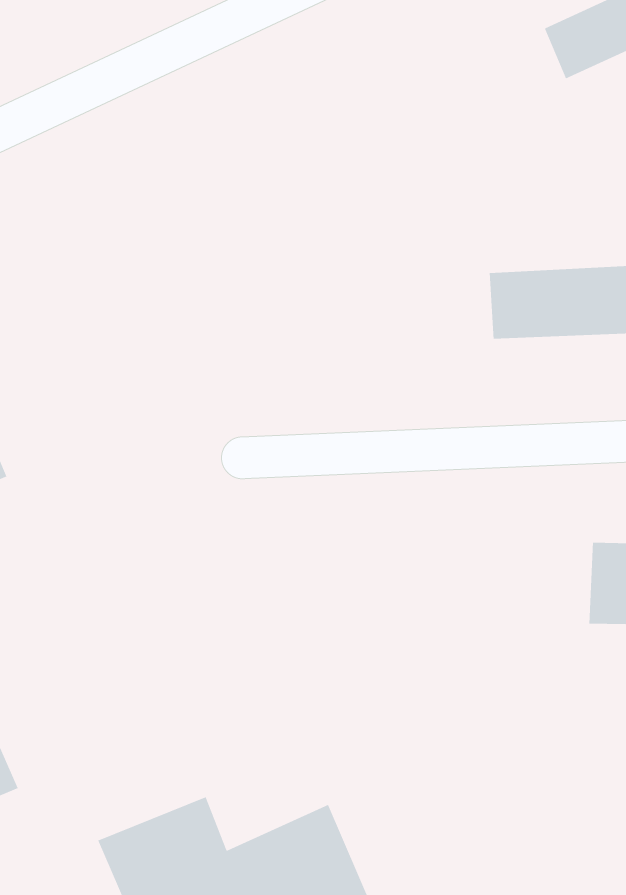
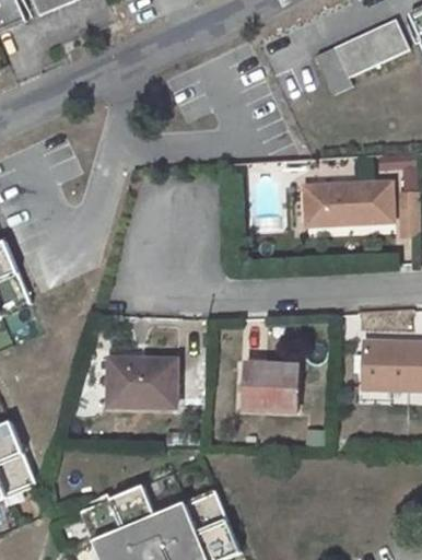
building: none -> [315,47,353,97]
building: none -> [109,359,175,407]
building: none -> [246,364,298,411]

